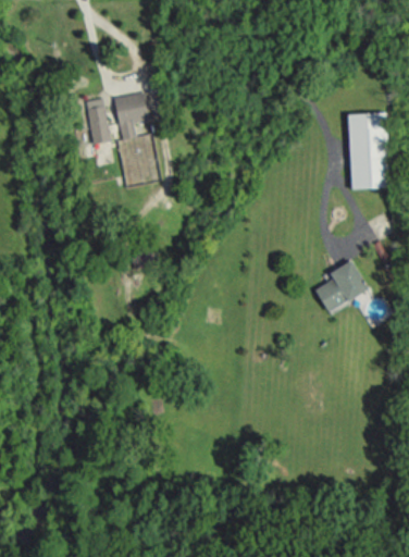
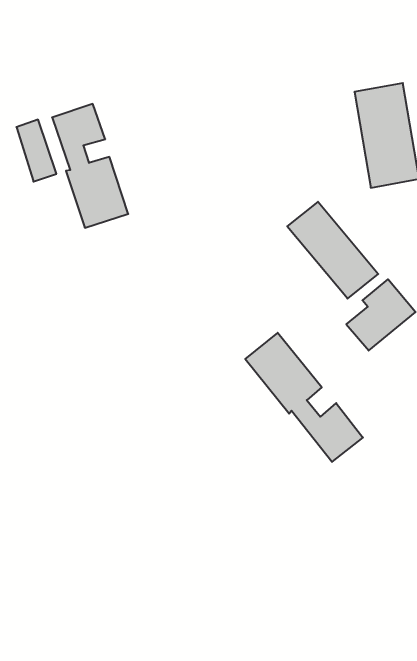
building: none -> [287,202,378,299]
building: none -> [245,333,363,462]

